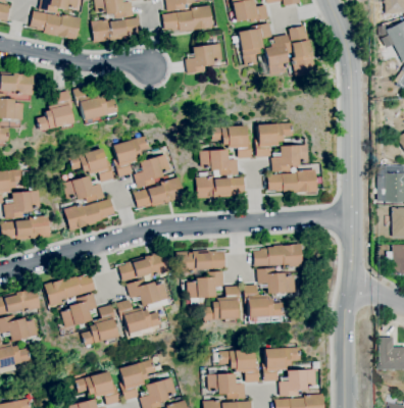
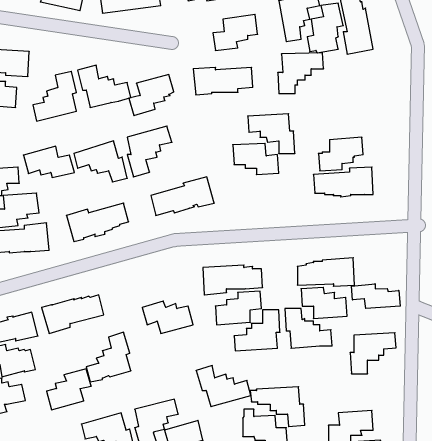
building: [256,123,294,157] -> [278,53,324,94]
building: [134,155,170,189] -> [129,75,174,116]
building: [63,176,105,202] -> [23,146,74,177]
building: [196,176,245,199] -> [193,67,253,95]
building: [118,251,169,283] -> none
building: none -> [351,284,400,308]
building: [61,294,98,327] -> [47,369,91,410]
building: [116,300,161,334] -> [196,366,251,407]
building: [263,348,301,381] -> [350,333,396,374]

